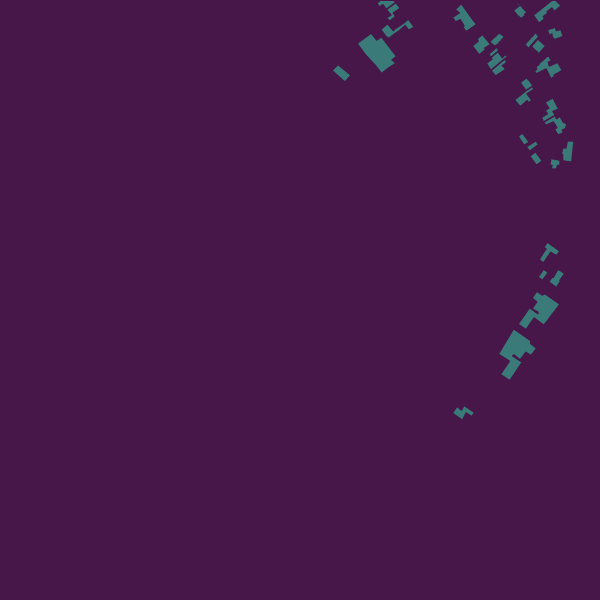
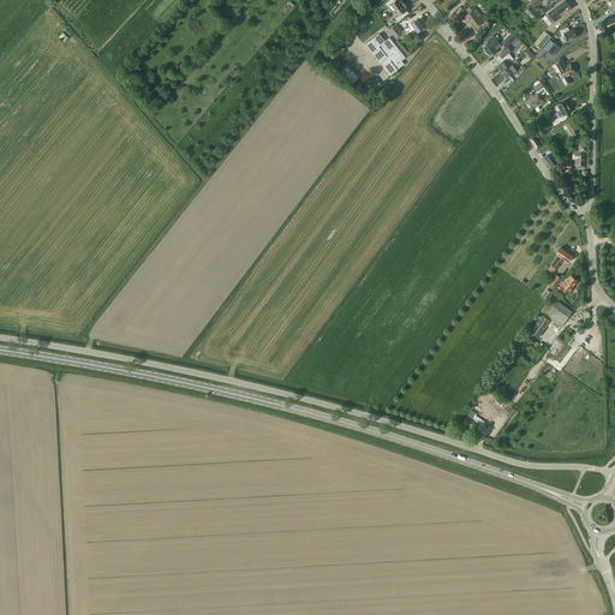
building: [498,329,537,381] -> none

